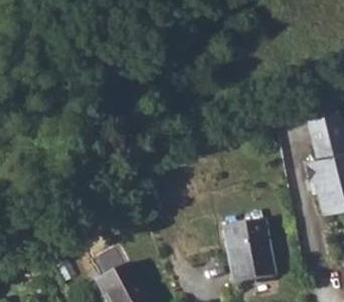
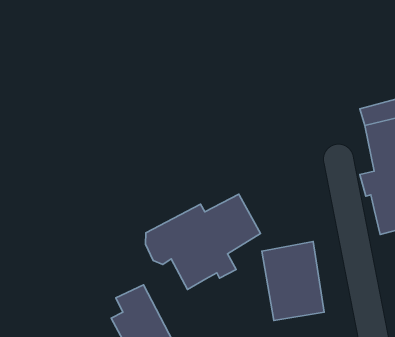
building: none -> [145,194,260,289]

